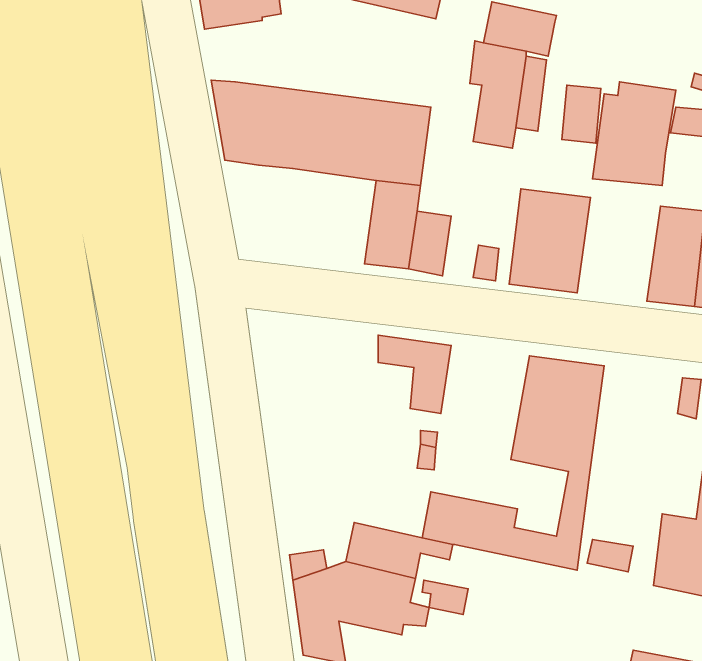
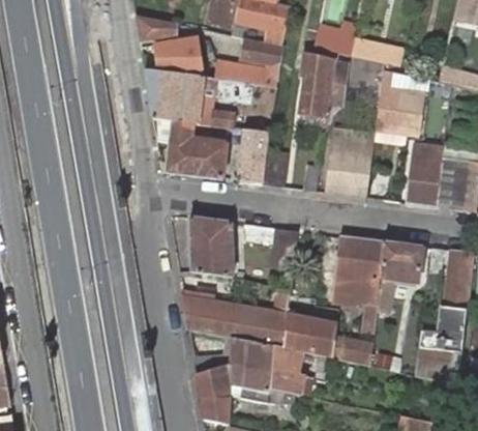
building: none -> [155,30,286,85]
building: none -> [350,33,398,63]
building: none -> [168,120,229,178]
building: none -> [189,217,234,277]
building: none -> [375,242,423,314]
building: none -> [182,298,278,347]

